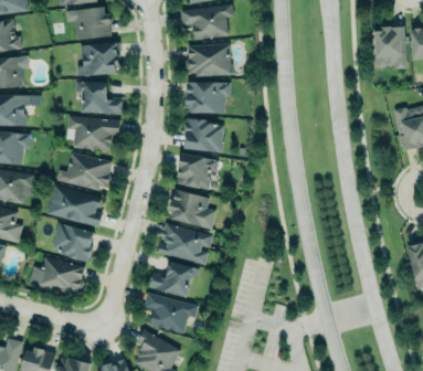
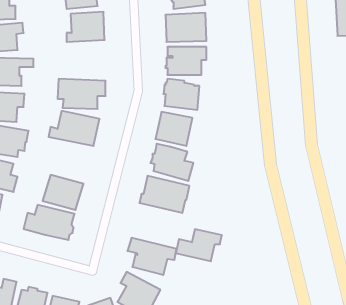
building: [75,81,121,113] -> none
building: [46,184,102,226] -> none
building: [148,262,199,297] -> [176,229,222,261]

